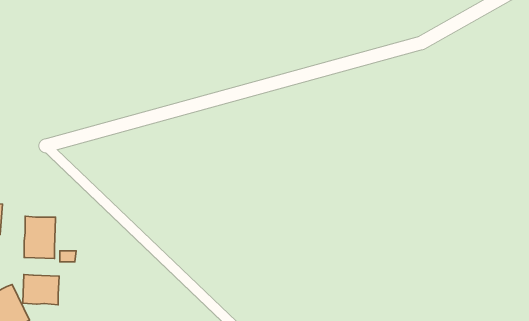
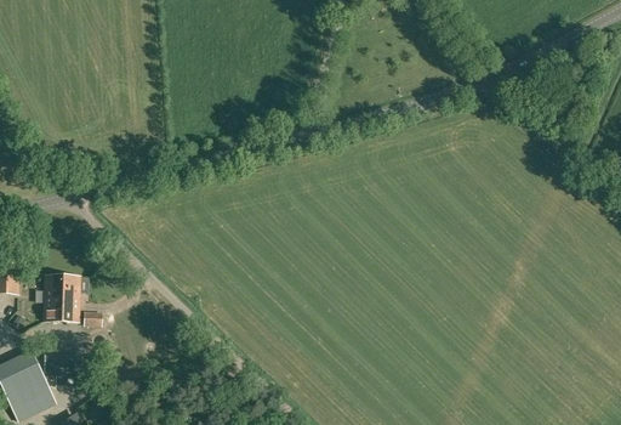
building: [23,275,59,305] -> none

